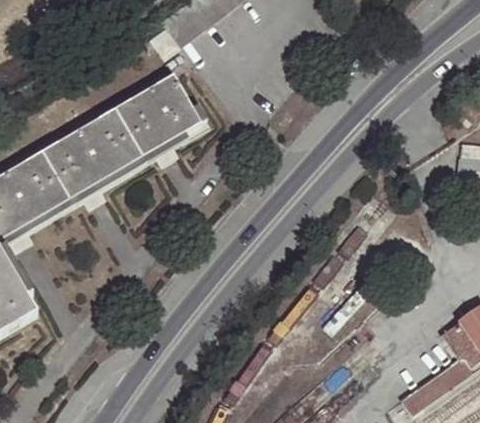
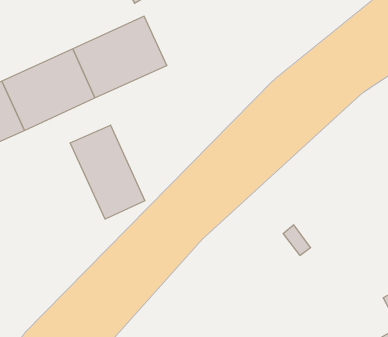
building: none -> [70,125,145,219]

